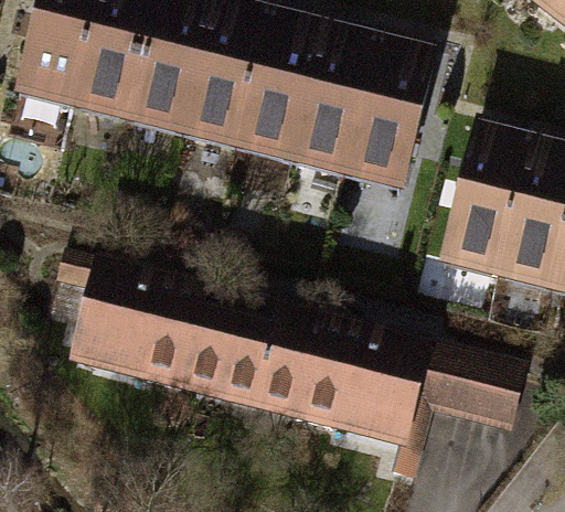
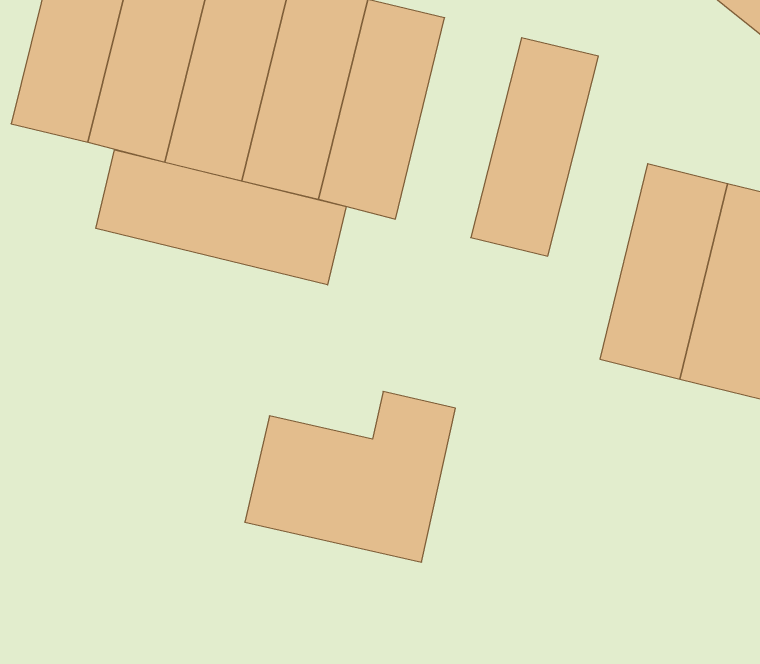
building: [289,26,380,184] -> none
building: none -> [96,150,346,285]
building: [62,249,206,388] -> none
building: [308,307,536,442] -> none

